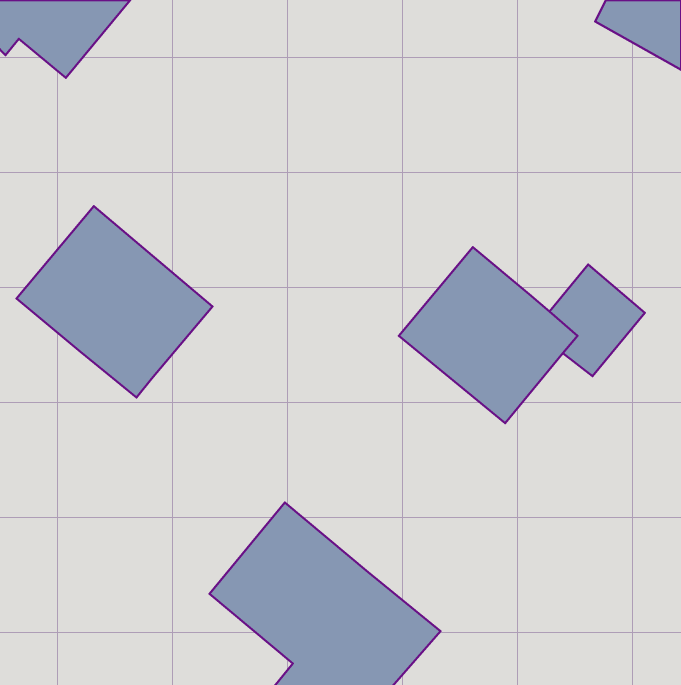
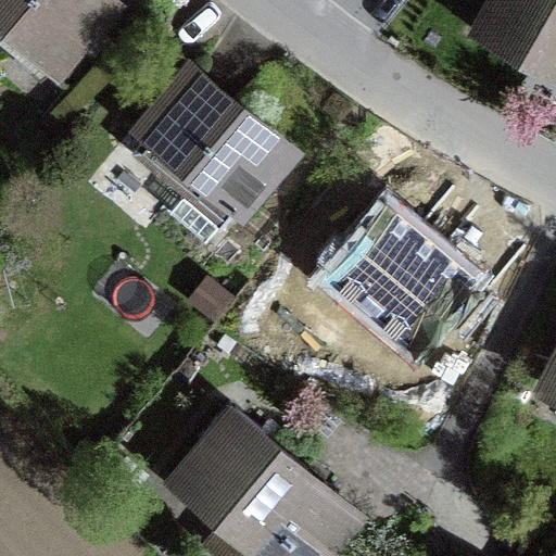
building: none -> [130,68,283,239]
building: [17,206,213,397] -> none

